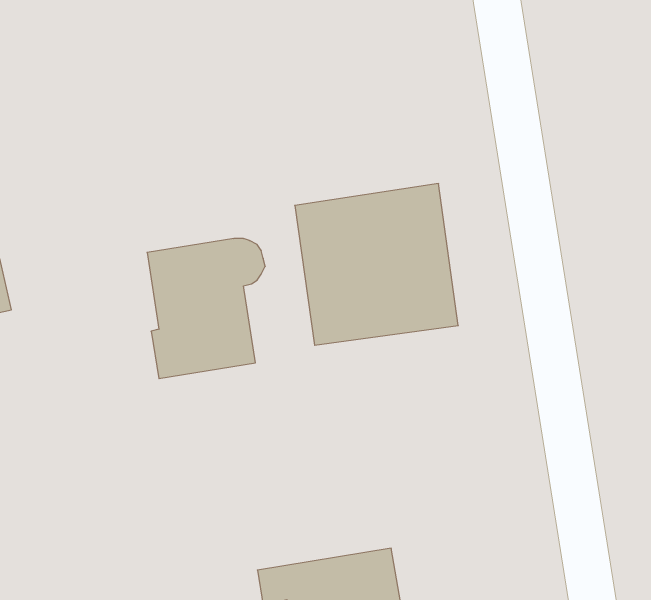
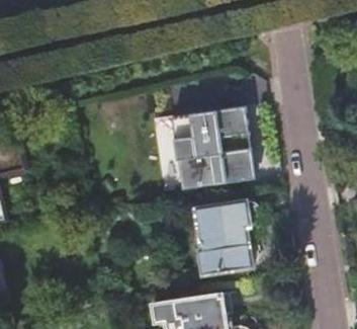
building: [147,239,265,379] -> [195,201,256,273]

